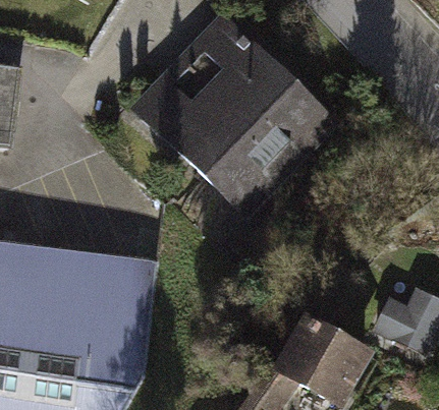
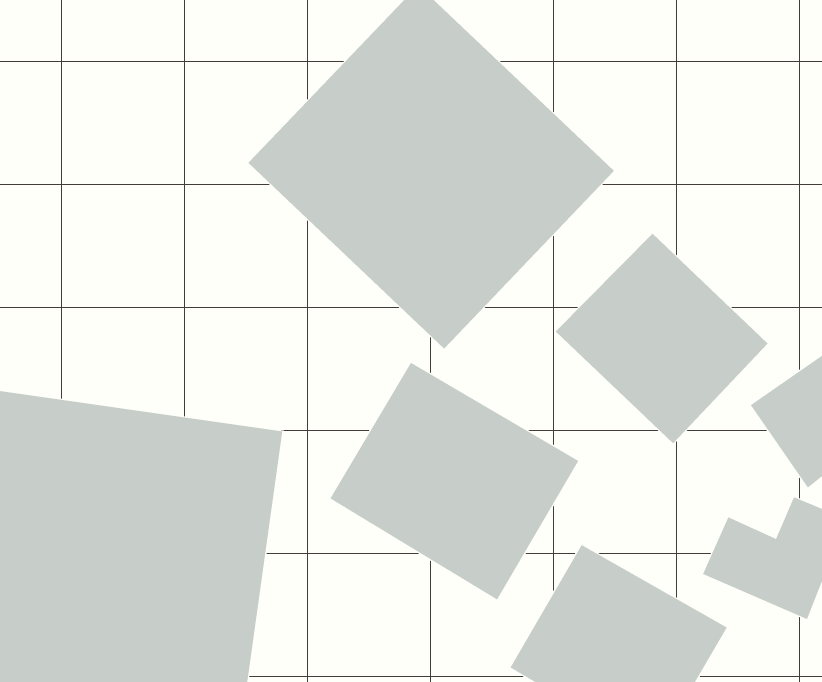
building: none -> [555,233,768,444]
building: none -> [329,362,579,601]

